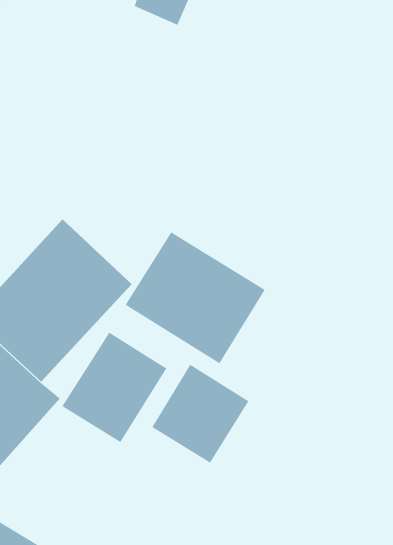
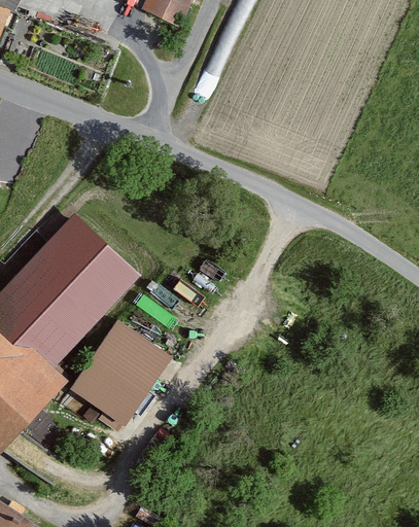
building: [125,231,265,364] -> none
building: [152,364,249,464] -> none

